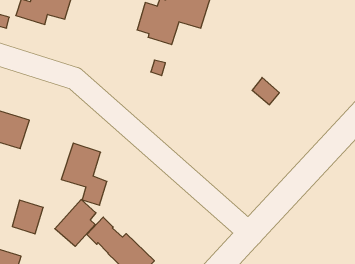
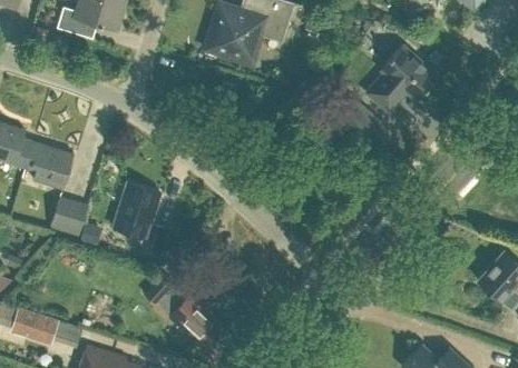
building: none -> [368,44,437,110]
building: [55,199,96,246] -> none
building: [12,200,43,234] -> [50,196,88,237]

